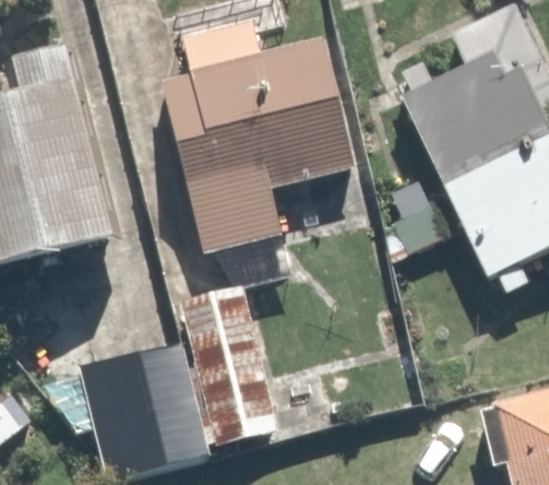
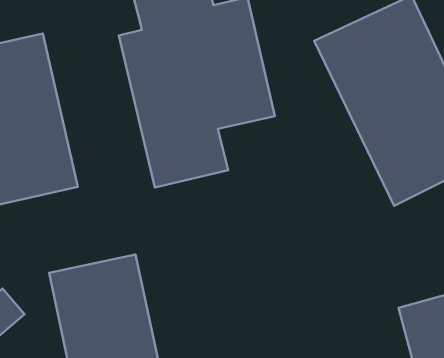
building: [180,291,288,445] -> none

